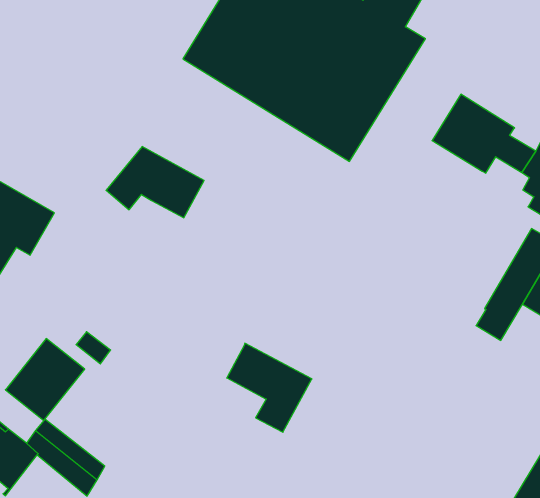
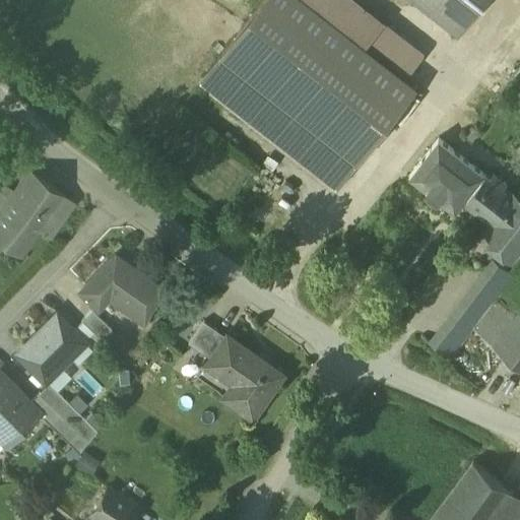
building: [106,147,204,218] -> [78,258,165,324]
building: none -> [190,324,228,363]

